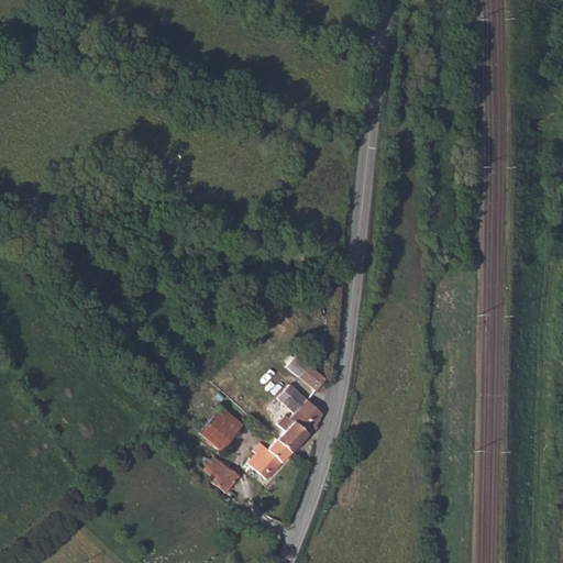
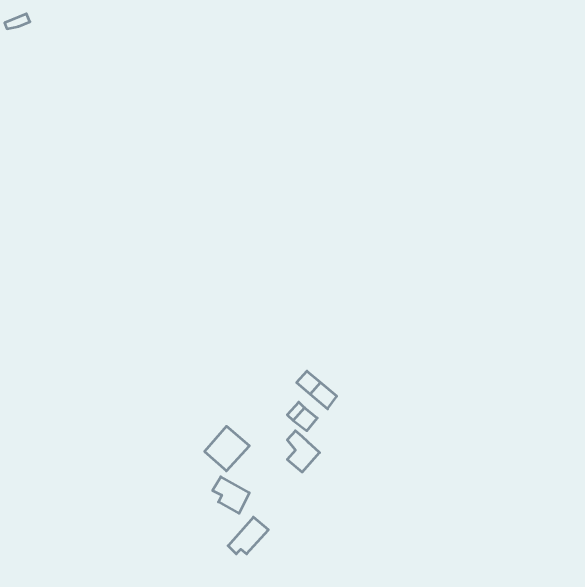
building: [291,400,321,433] -> none
building: [253,440,291,475] -> [228,517,268,554]

